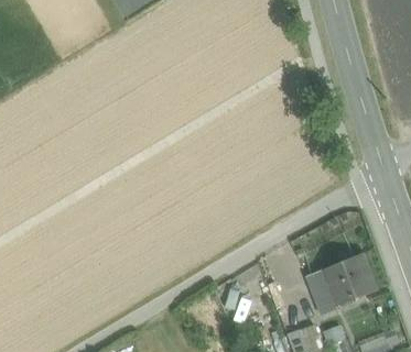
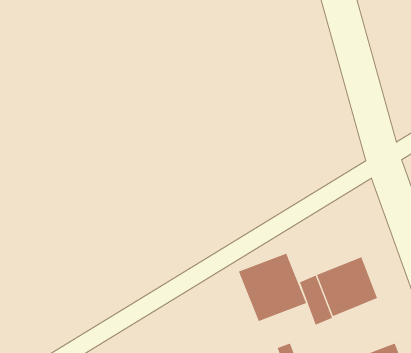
building: none -> [238,253,307,322]

